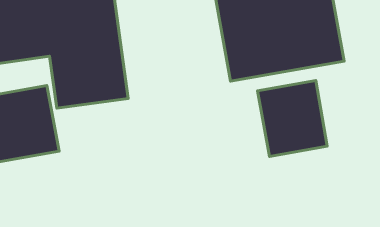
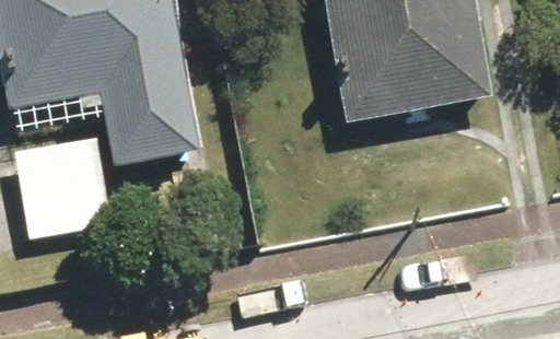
building: [257,80,327,156] -> none

